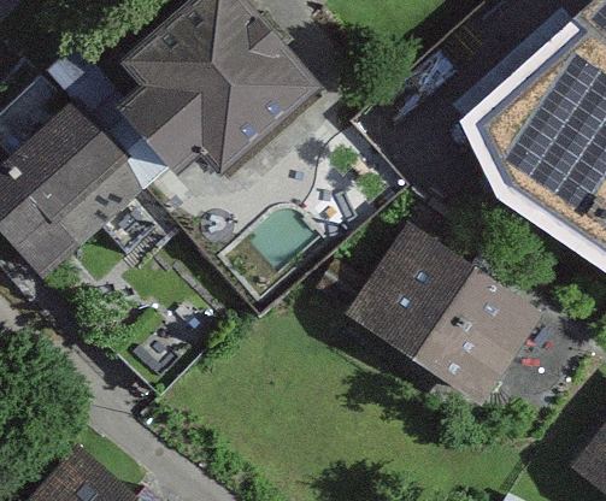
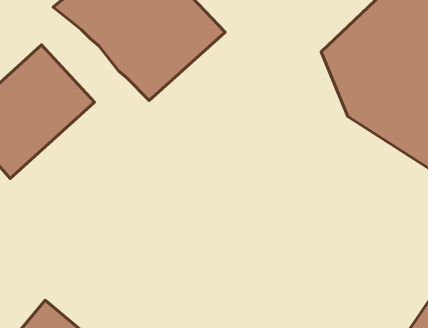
building: [349,218,579,400] -> none

